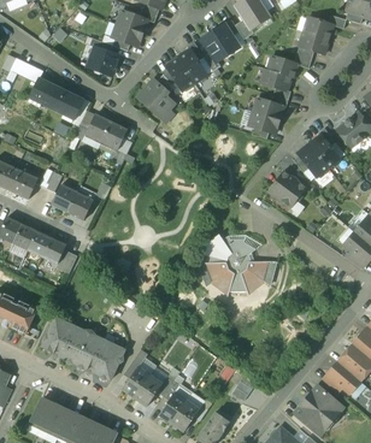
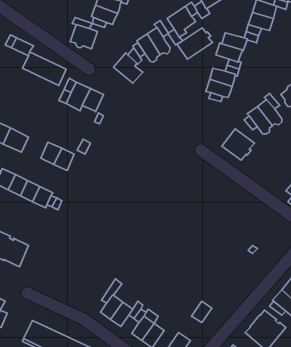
building: none -> [177,28,212,59]
building: [199,235,275,294] -> none
building: [42,317,125,379] -> none

